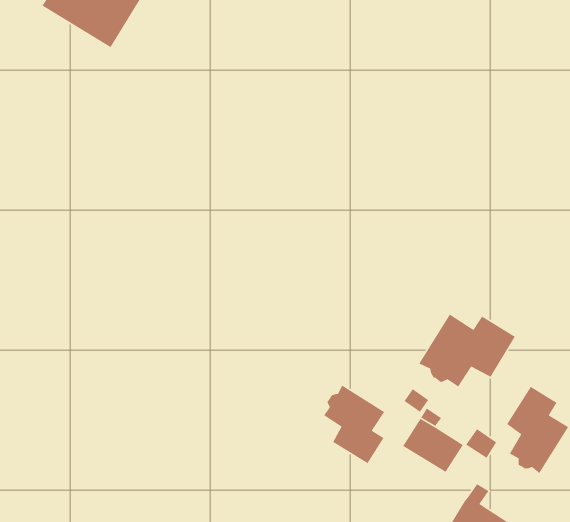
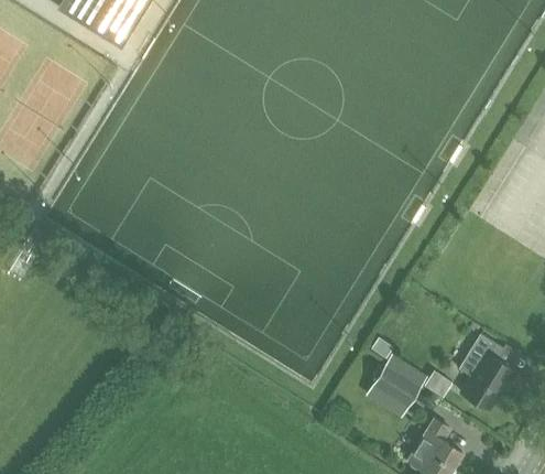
building: [418,313,516,387] -> none
building: [323,384,385,464] -> none

